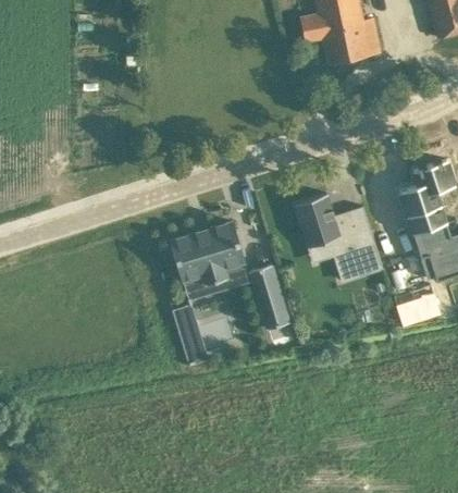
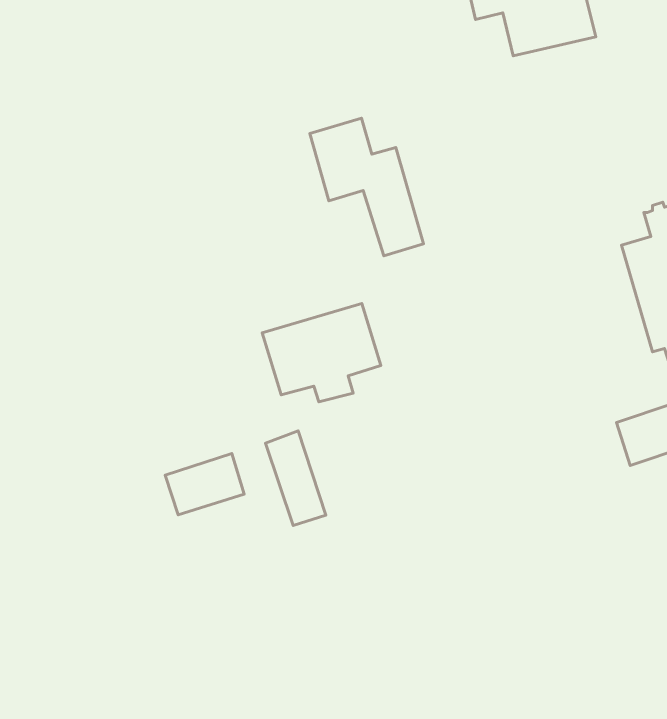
building: [296,195,368,282] -> [310,118,423,256]
building: [252,266,290,331] -> none
building: none -> [165,453,244,515]

